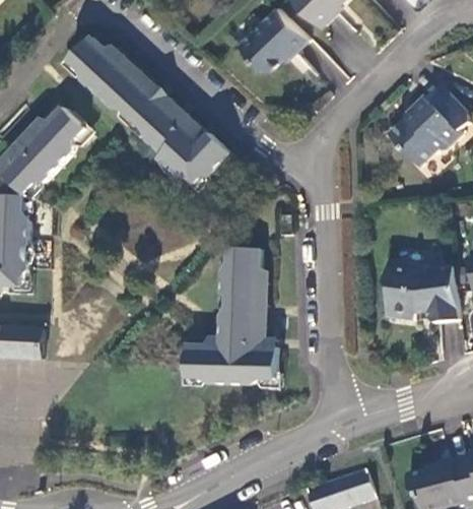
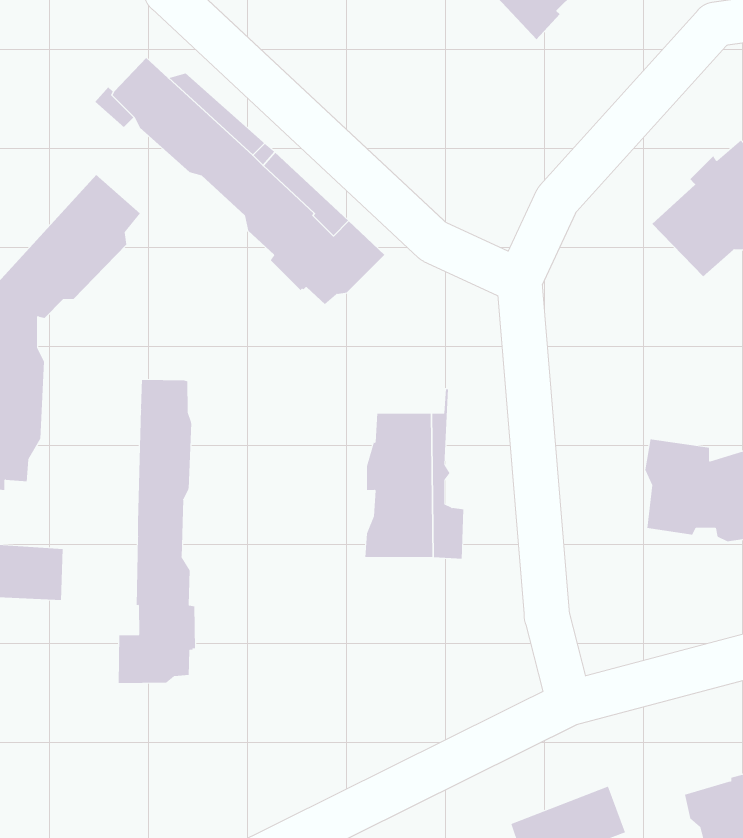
building: [239,8,308,70] -> none
building: none -> [118,379,195,684]
building: [185,339,276,378] -> none

